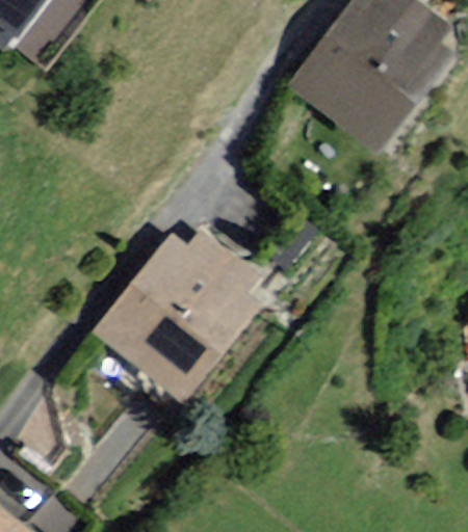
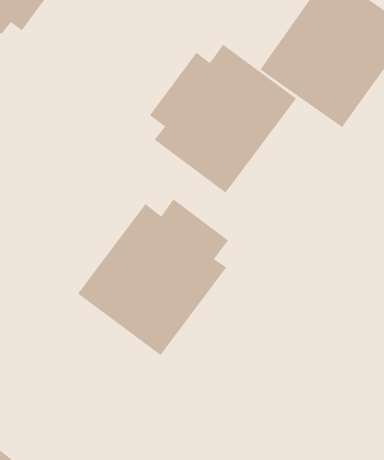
building: none -> [149,44,297,193]

